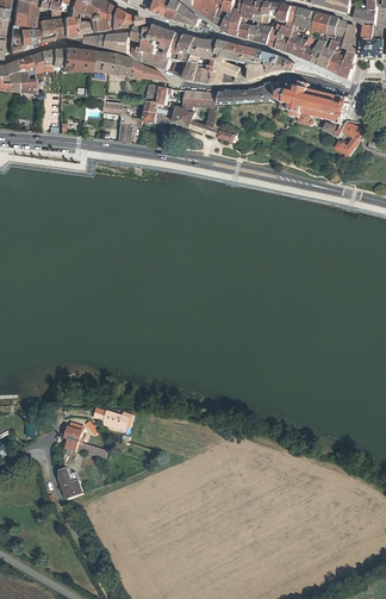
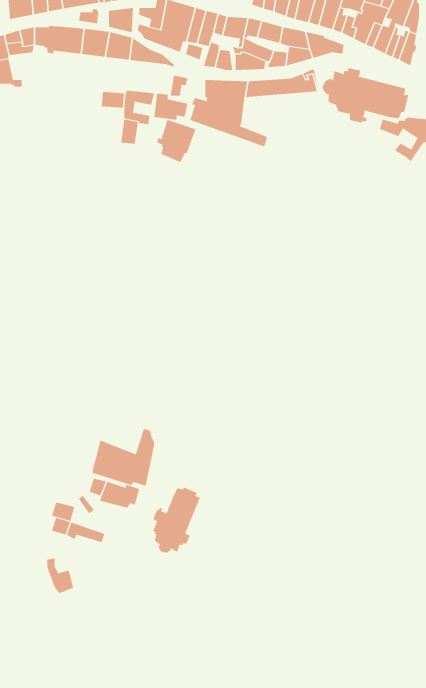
building: none -> [157,119,196,163]
building: none -> [91,428,155,487]
building: none -> [153,487,200,553]

